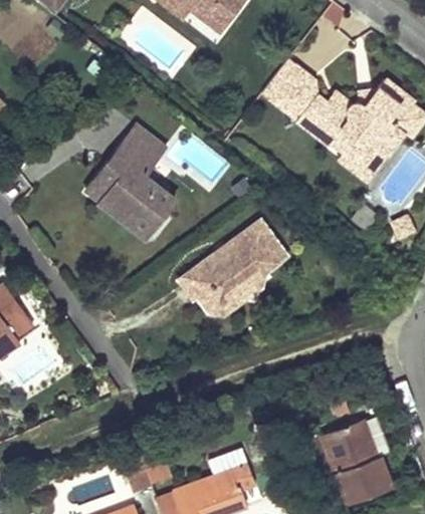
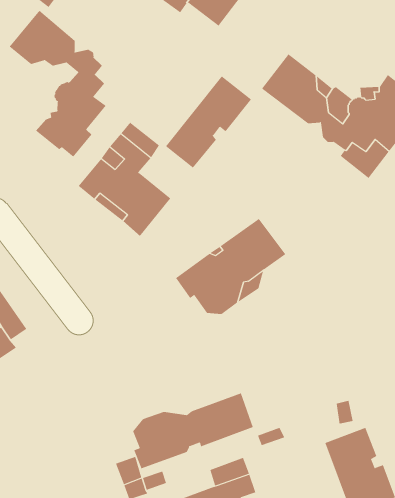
building: none -> [9,10,107,157]
building: none -> [165,76,252,168]
building: none -> [133,392,253,469]

